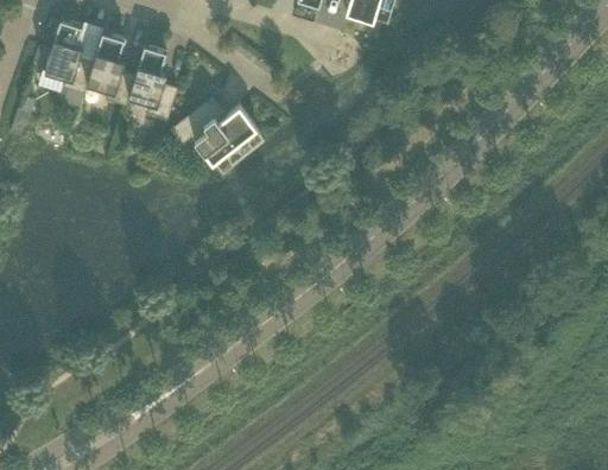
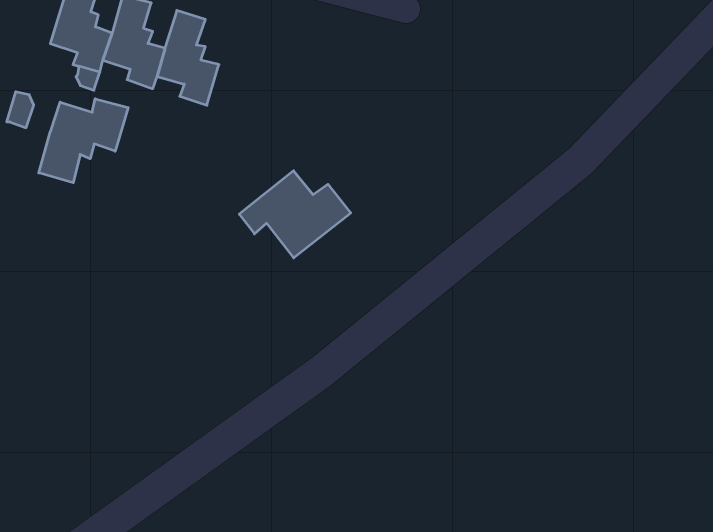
building: [170,97,258,166] -> [239,171,351,258]
building: none -> [39,99,128,183]

